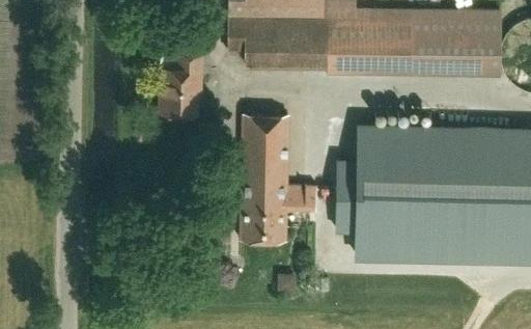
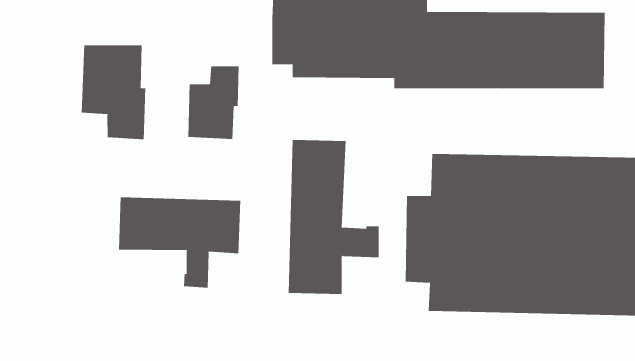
building: none -> [81,44,146,140]
building: none -> [118,197,241,289]

